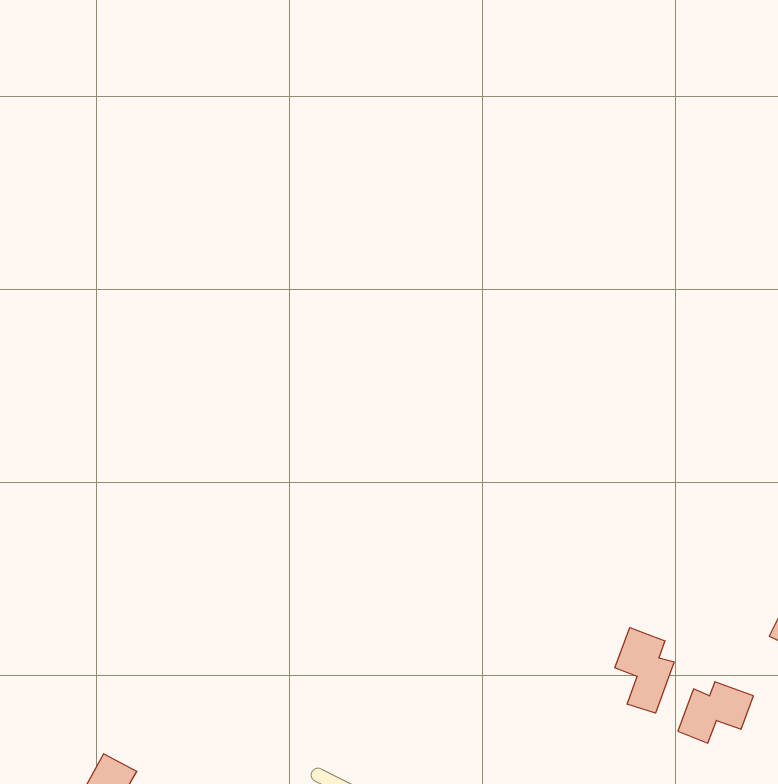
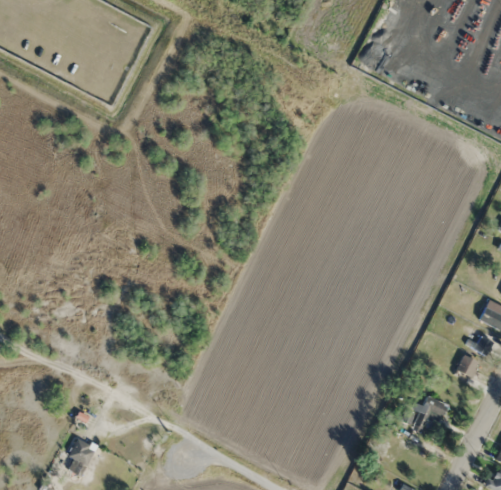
building: [615,628,674,713] -> none

